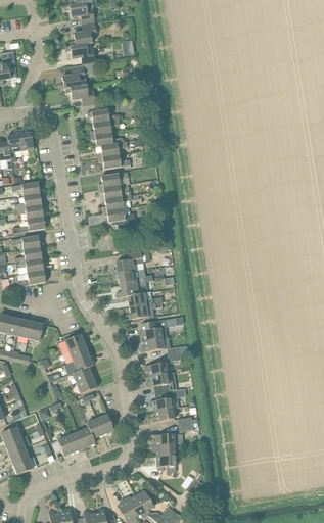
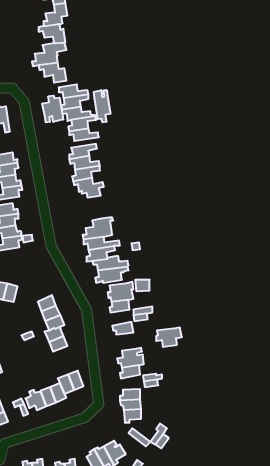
building: none -> [94,90,111,122]
building: none -> [42,96,63,122]
building: [148,372,176,392] -> [156,328,182,347]

